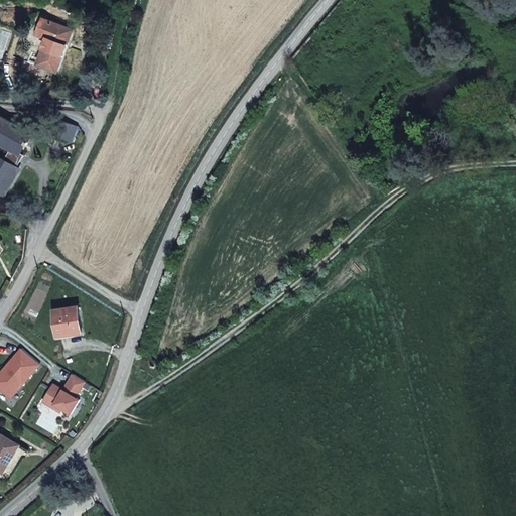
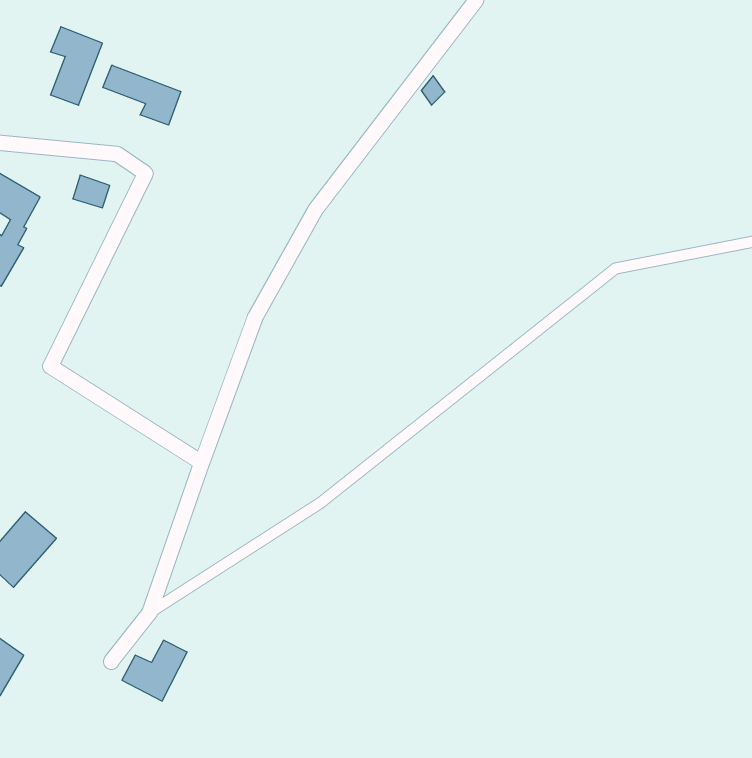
building: none -> [103,65,181,125]
building: [51,306,80,336] -> none
building: [41,375,86,416] -> [122,640,187,701]

